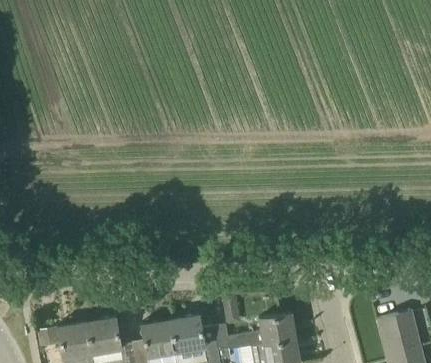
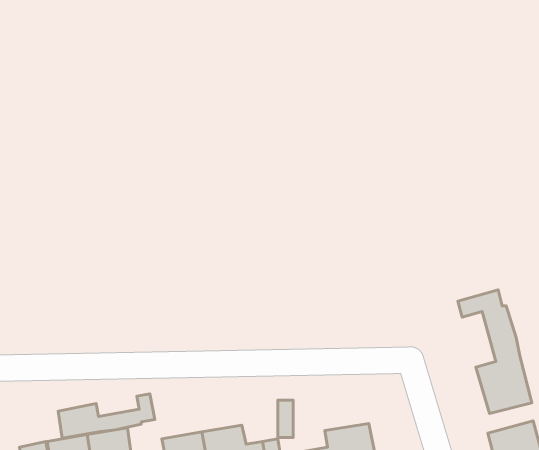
building: none -> [458,290,532,414]
building: none -> [58,394,155,438]

